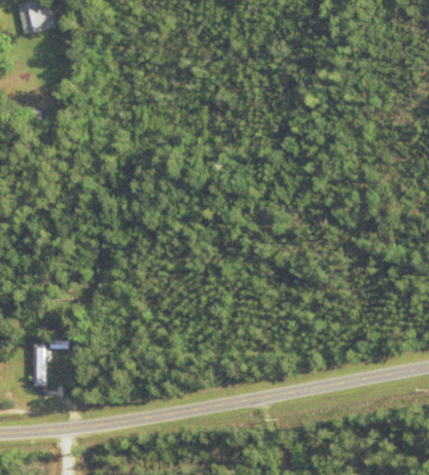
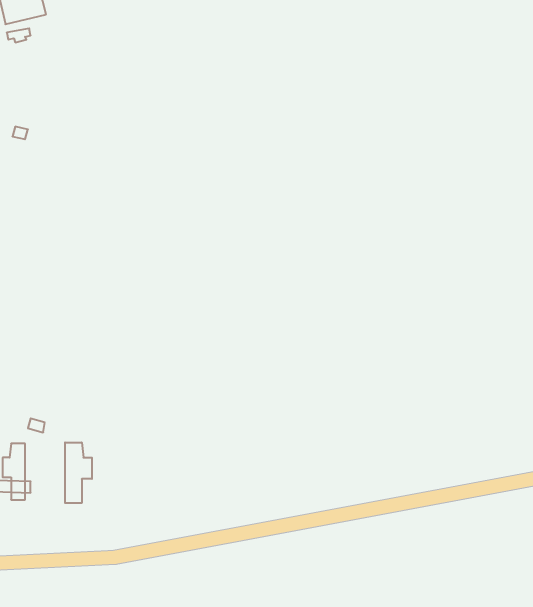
building: none -> [65,442,92,503]

